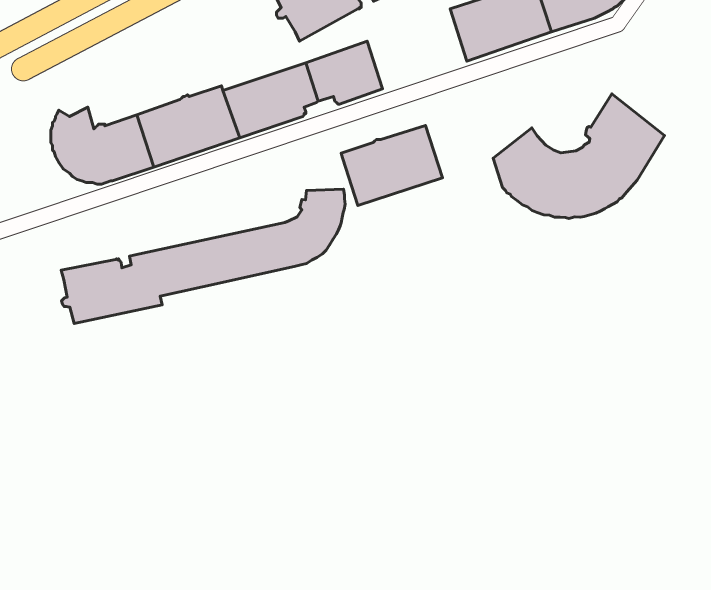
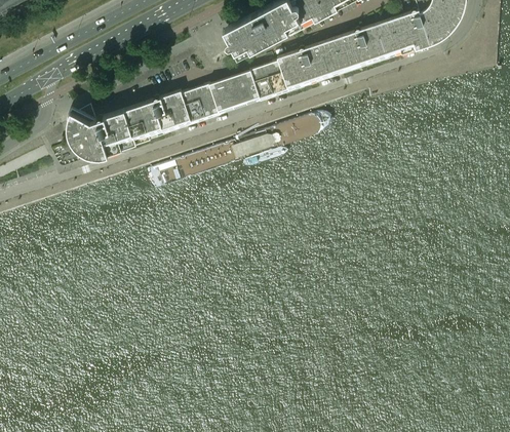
building: [493,94,664,219] -> none
building: [341,126,442,205] -> [277,40,345,93]
building: [61,189,345,324] -> none

